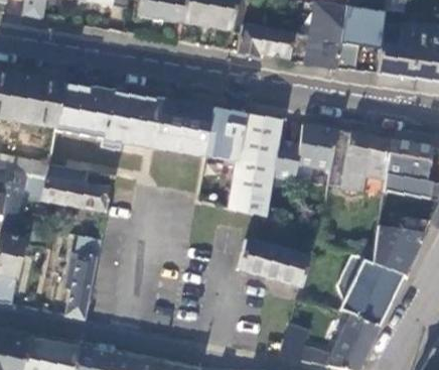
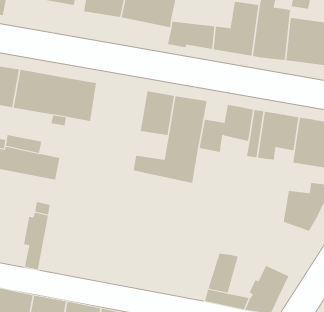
building: [146,99,211,155] -> none
building: [238,239,308,284] -> none
building: [337,254,403,326] -> none

